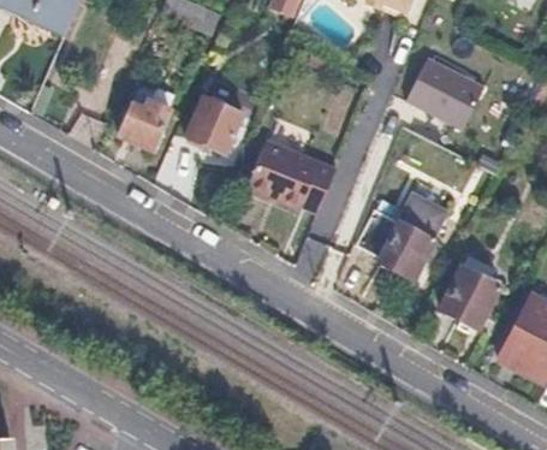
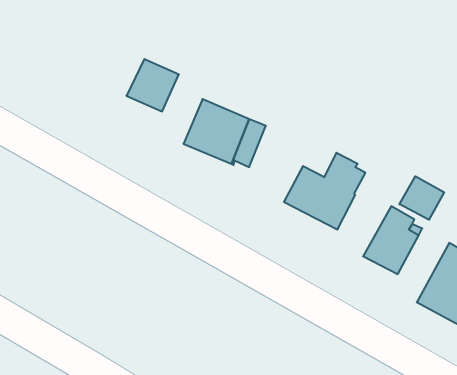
building: [409,57,486,129] -> none
building: [118,87,168,149] -> none
building: none -> [399,176,444,220]

